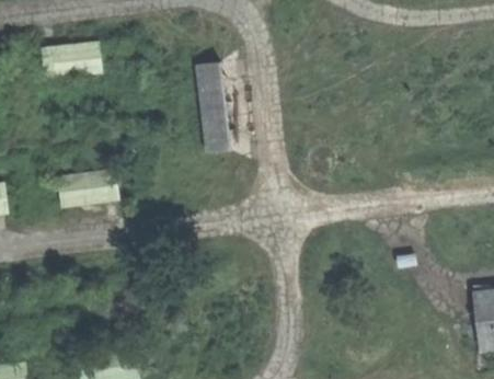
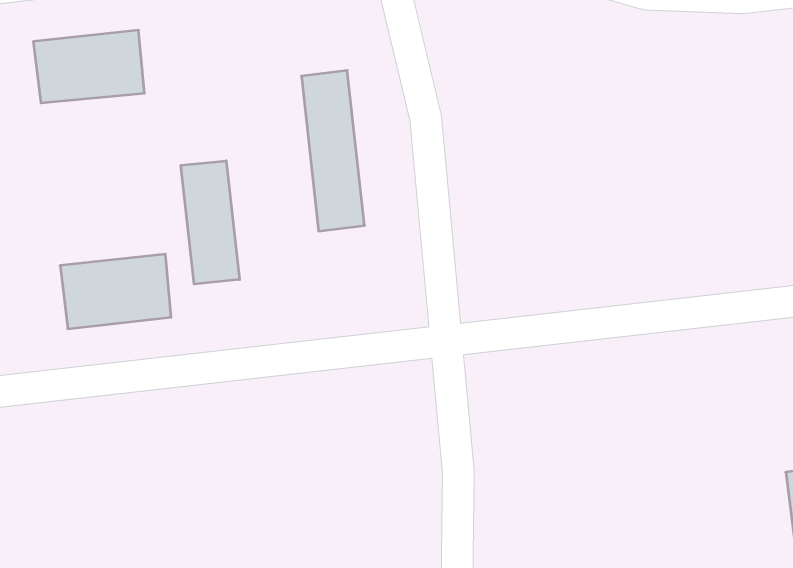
building: none -> [181,161,240,284]

